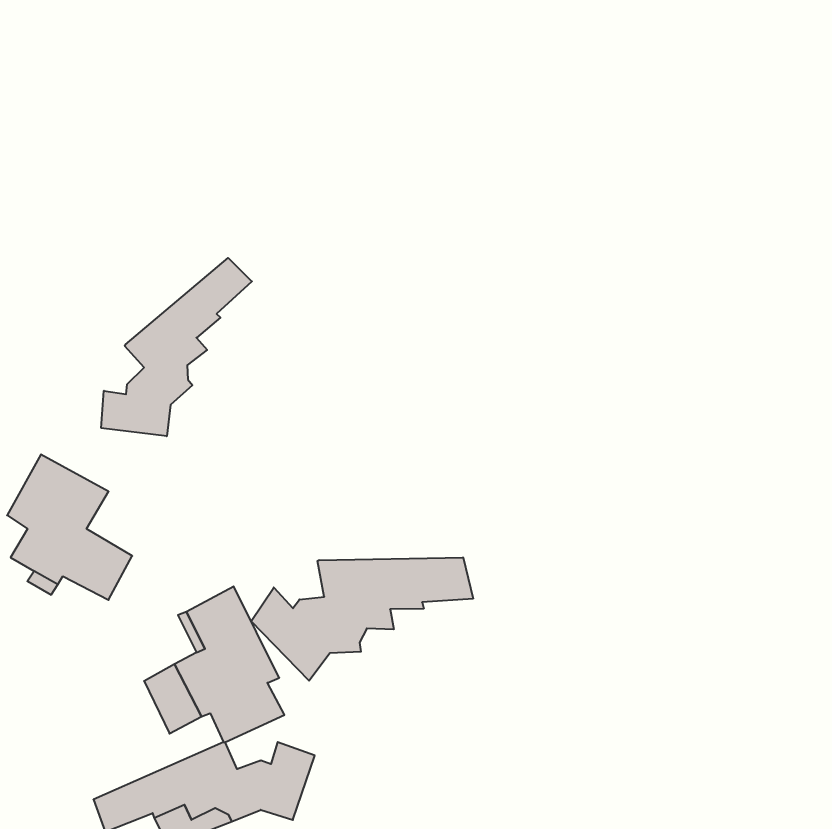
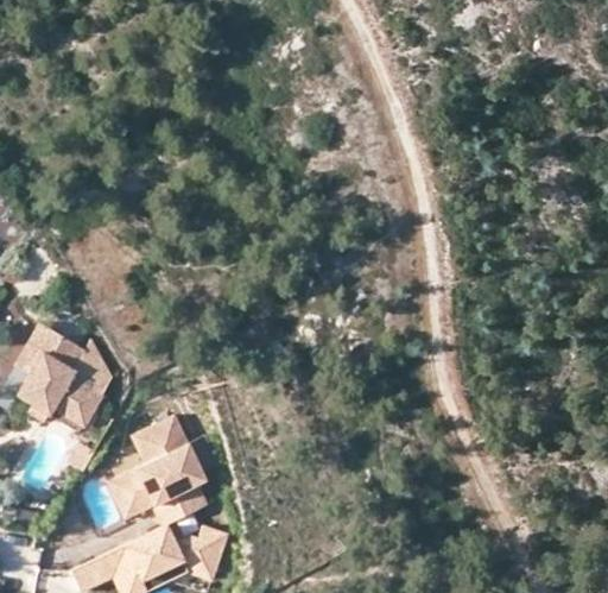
building: [101,258,252,436] -> none
building: [251,557,473,681] -> none

